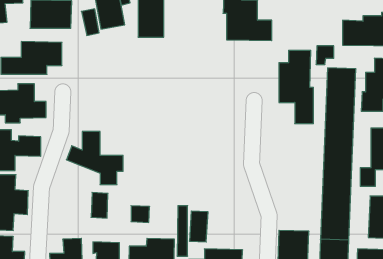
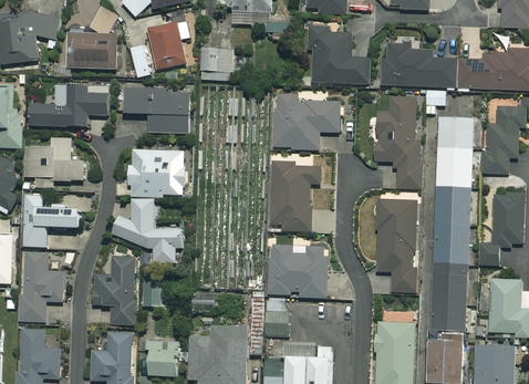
building: none -> [381,43,457,89]
building: none -> [124,89,189,133]
building: none -> [273,93,340,147]
building: none -> [128,148,185,197]
building: none -> [270,160,320,230]
building: none -> [377,199,417,292]
building: none -> [269,245,329,297]
building: none -> [94,256,134,323]

